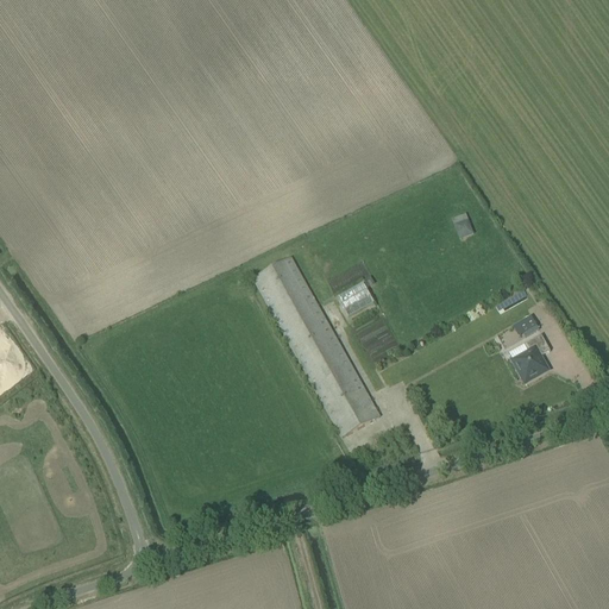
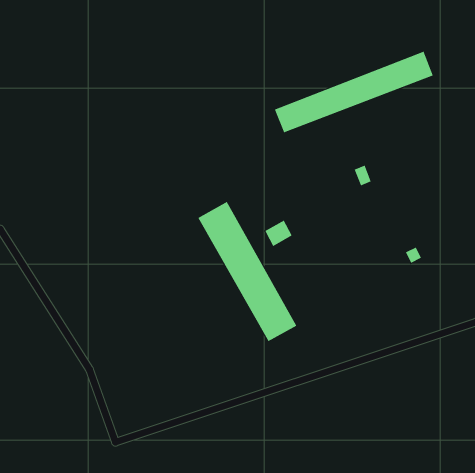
building: none -> [274,51,433,133]
building: [509,333,552,382] -> none

